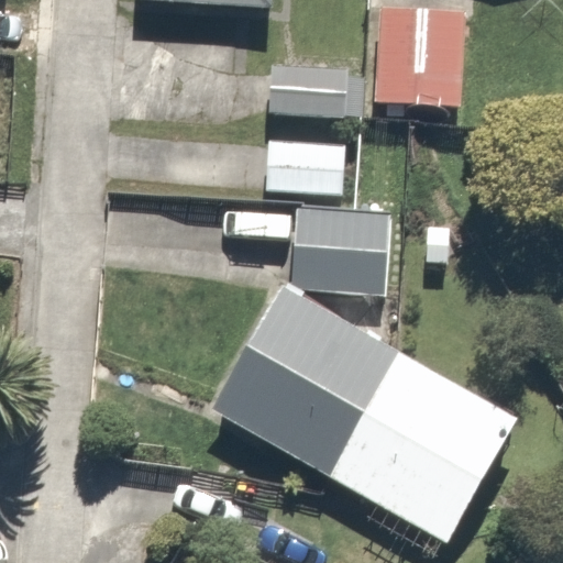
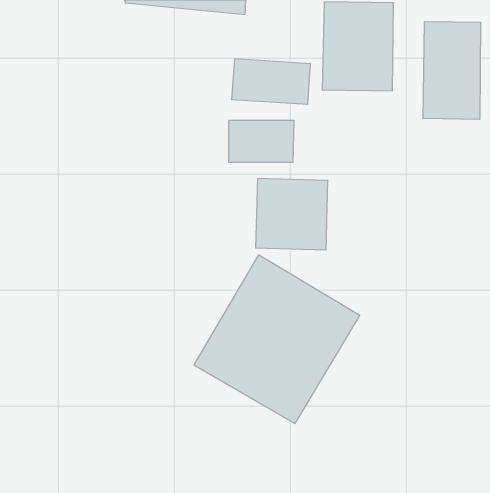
building: none -> [423,22,480,119]
building: [340,360,534,555] -> none

